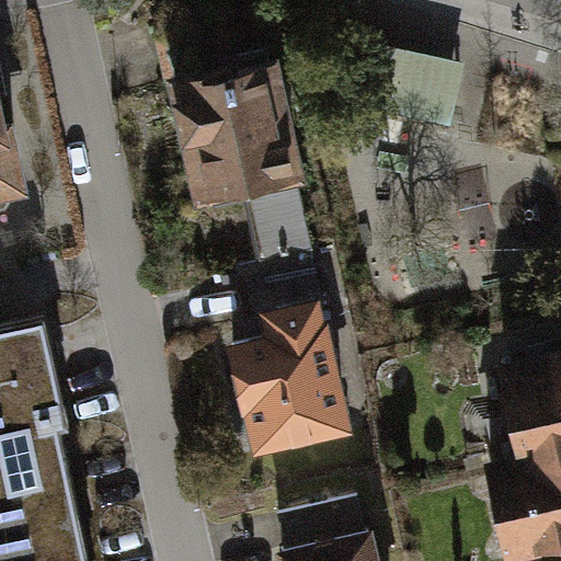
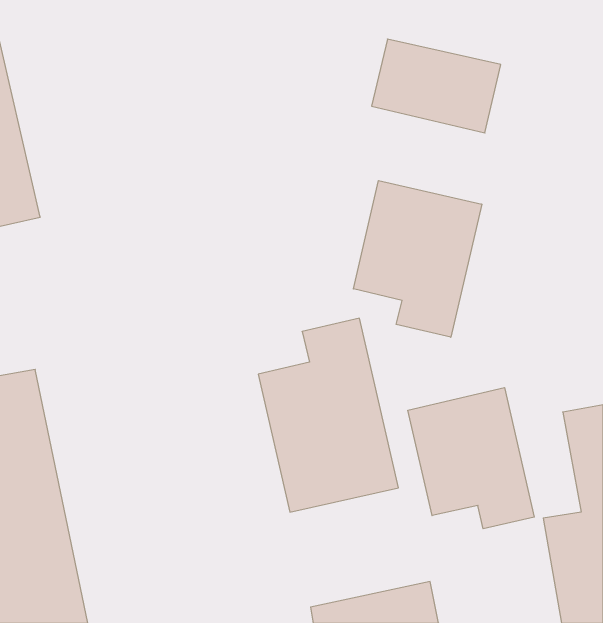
building: [171,66,319,261] -> none
building: none -> [353,181,482,337]
building: none -> [408,388,534,529]

